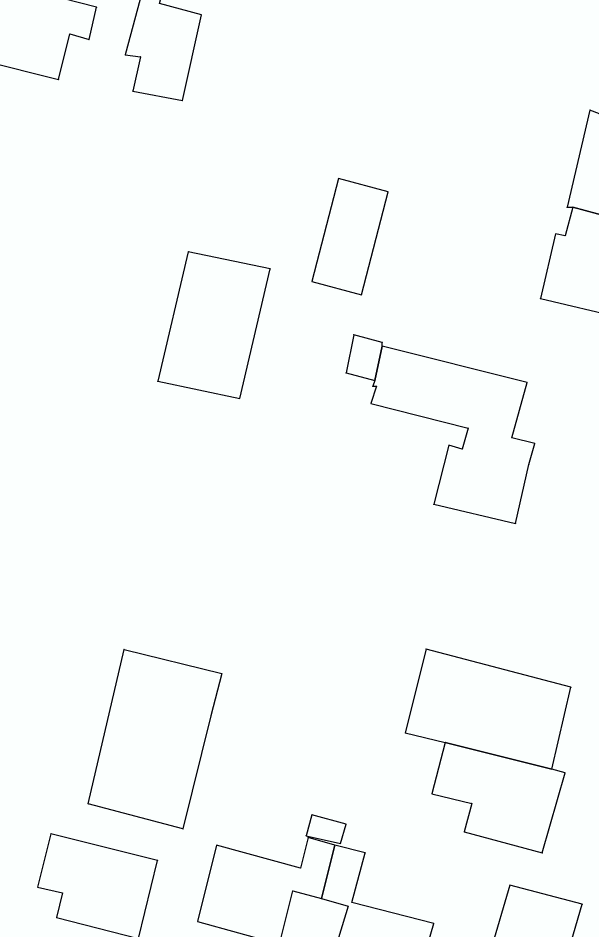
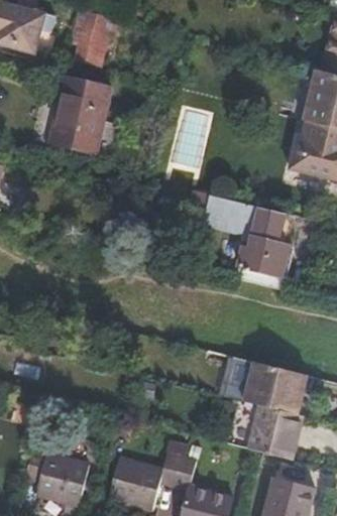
building: [158,252,270,398] -> [50,75,110,152]
building: [88,649,222,829] -> none

